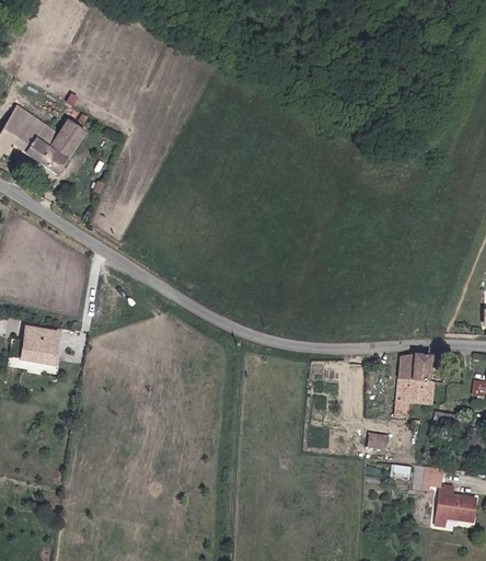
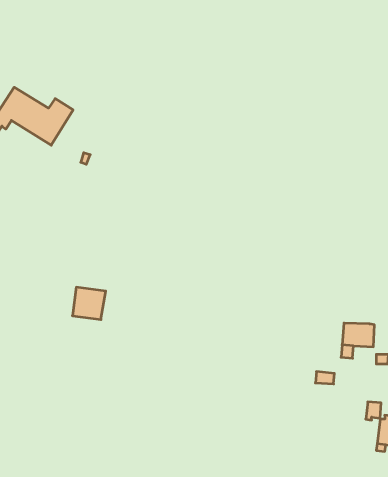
building: [21,327,59,364] -> [72,287,106,320]
building: [398,353,431,378] -> none

